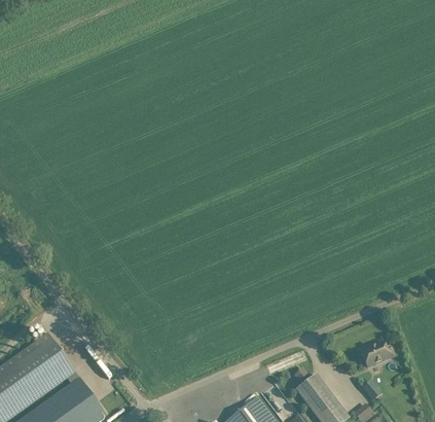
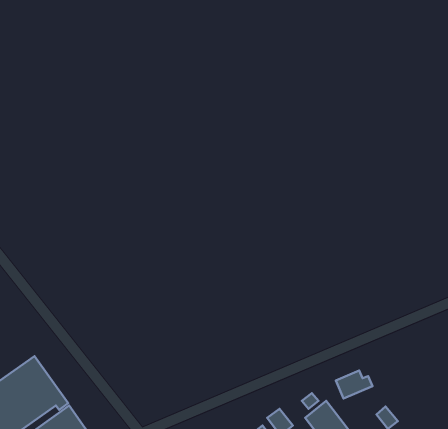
building: [360,341,394,366] -> [336,371,373,398]

